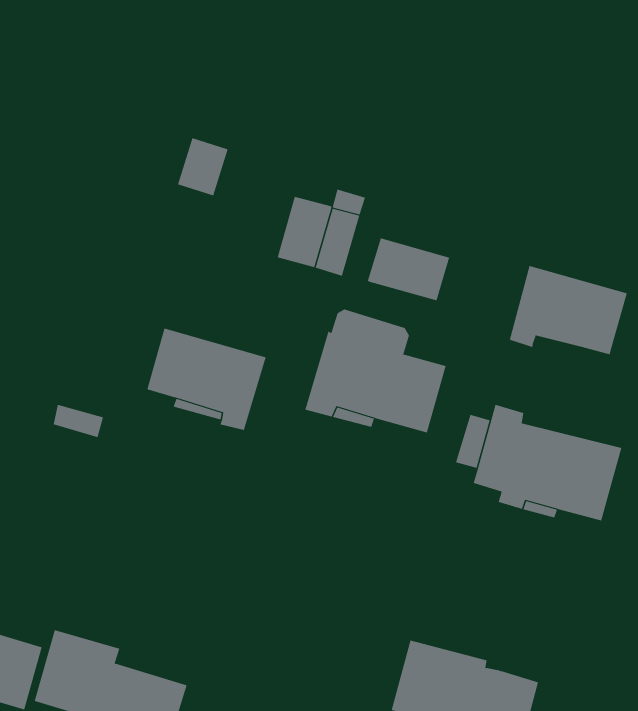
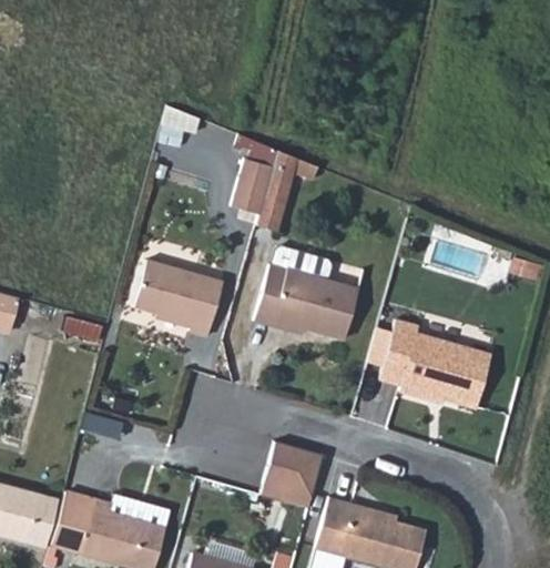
building: [367,237,450,301] -> none
building: [509,265,627,355] -> none
building: none -> [262,442,324,508]

